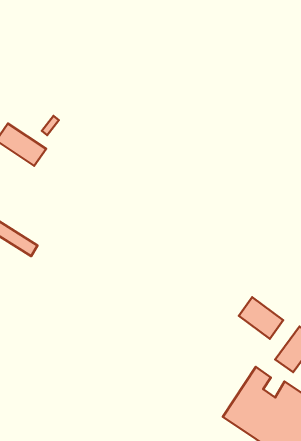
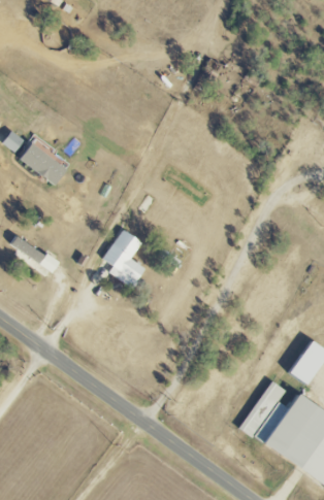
building: none -> [102,228,145,288]
building: [239,297,283,339] -> none

